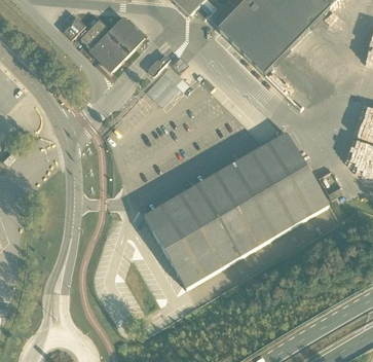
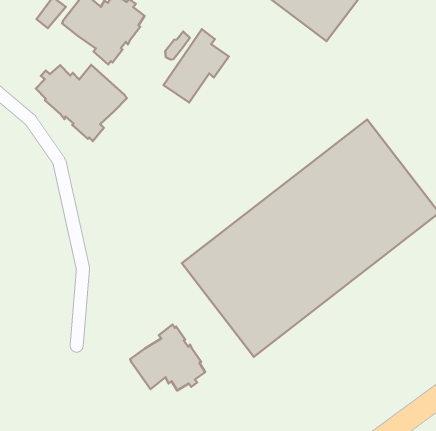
building: none -> [36,65,127,141]
building: none -> [130,325,205,391]

